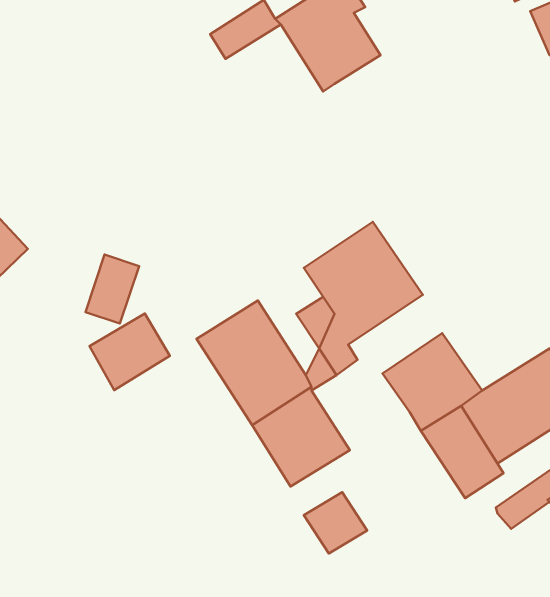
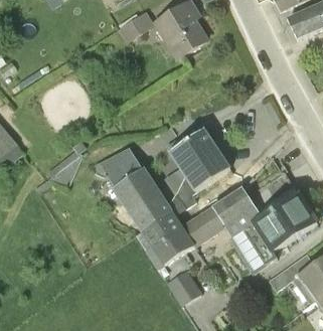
building: [89,313,170,390] -> [102,146,144,186]
building: none -> [179,206,223,246]

